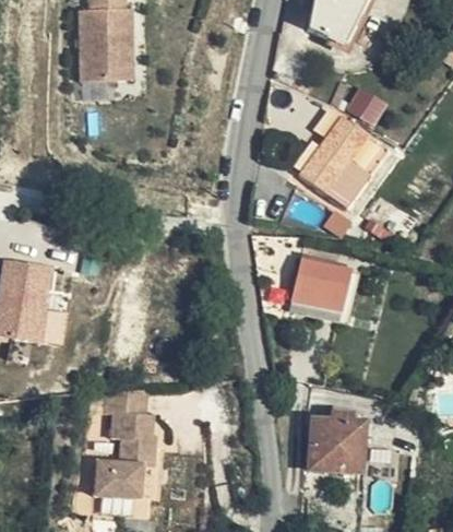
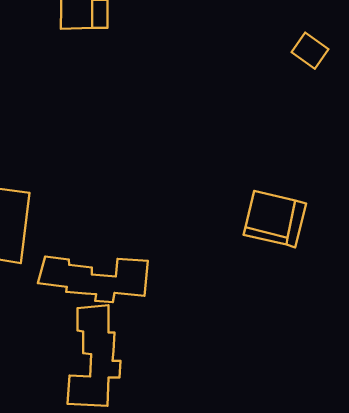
building: [300,117,383,204] -> none
building: none -> [38,257,148,302]
building: [311,411,359,469] -> none

